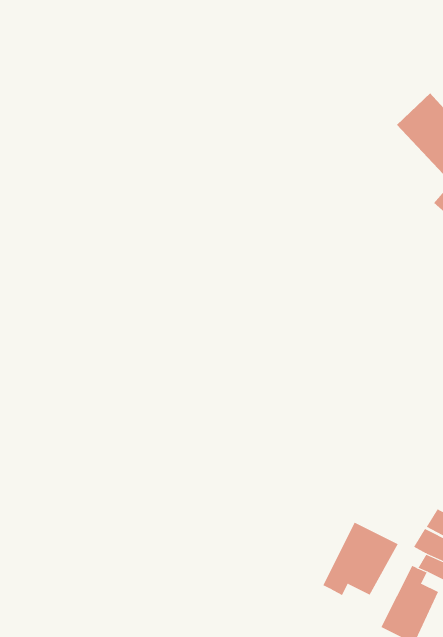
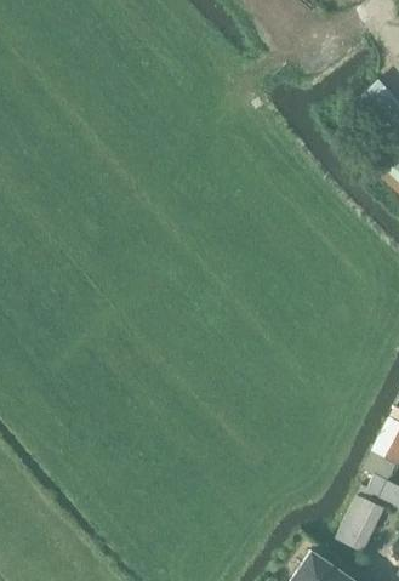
building: [323,522,398,596] -> none

